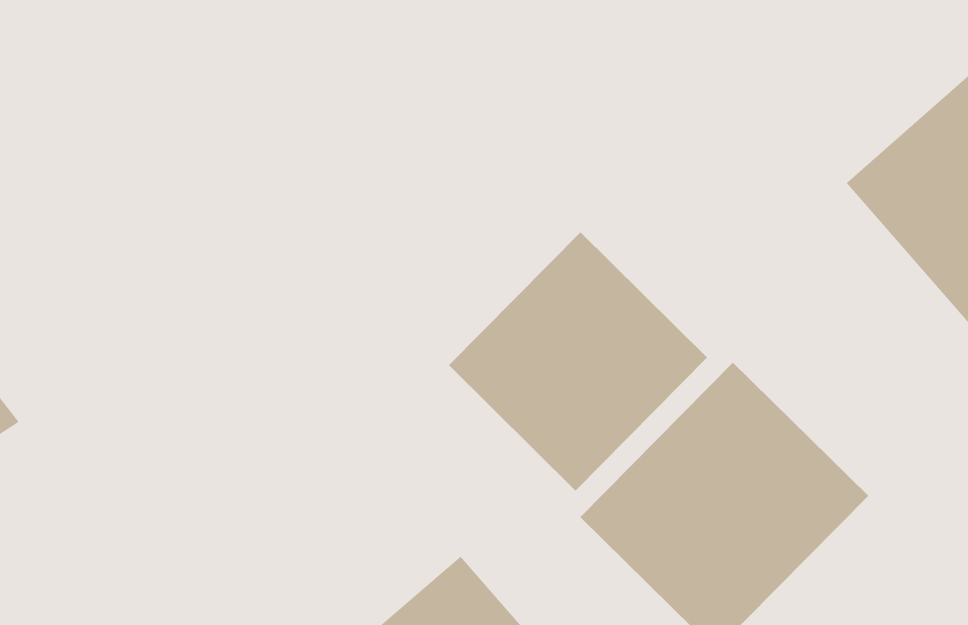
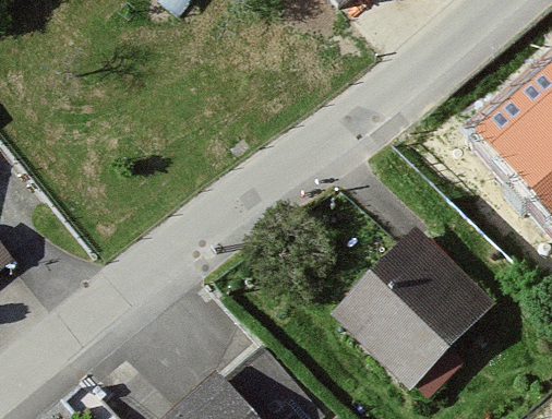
building: [448,231,708,491] -> none

